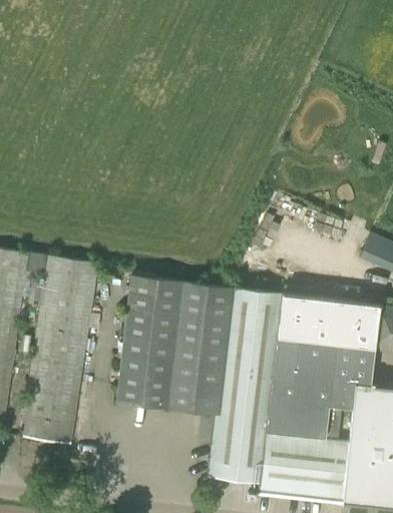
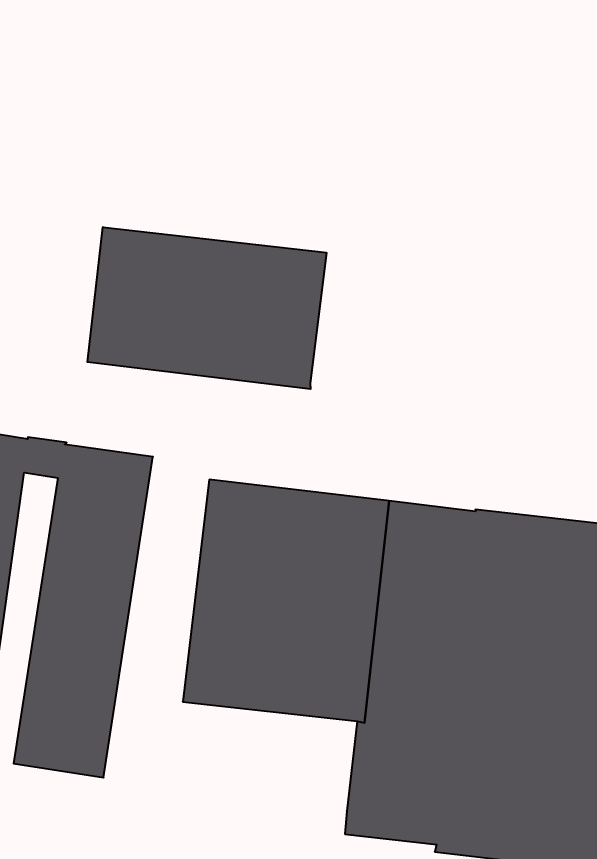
building: none -> [87,227,326,389]

